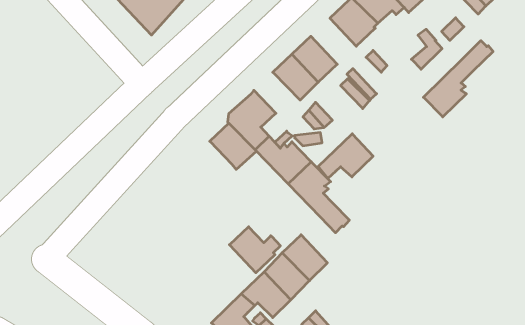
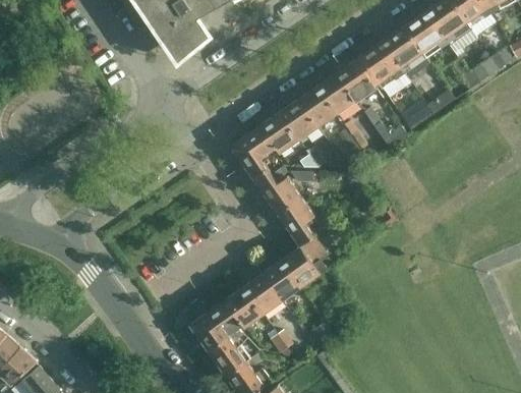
building: none -> [316,72,355,114]
building: [423,41,493,117] -> none
building: [210,123,256,169] -> [258,112,298,154]
building: [318,134,373,179] -> none
building: [229,227,280,273] -> [280,246,325,288]

